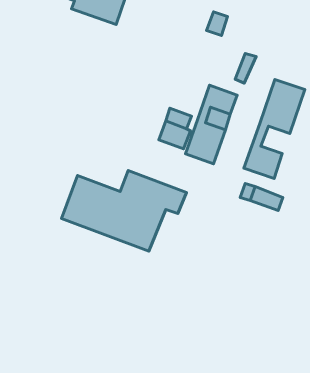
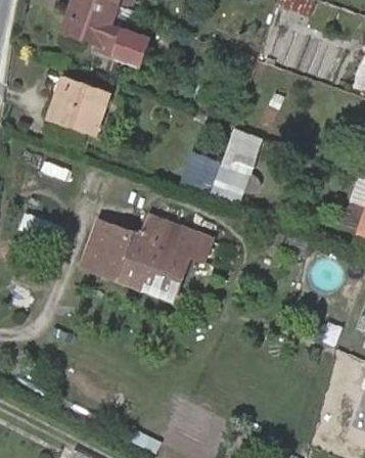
building: none -> [48,78,108,133]
building: [244,79,305,178] -> none

